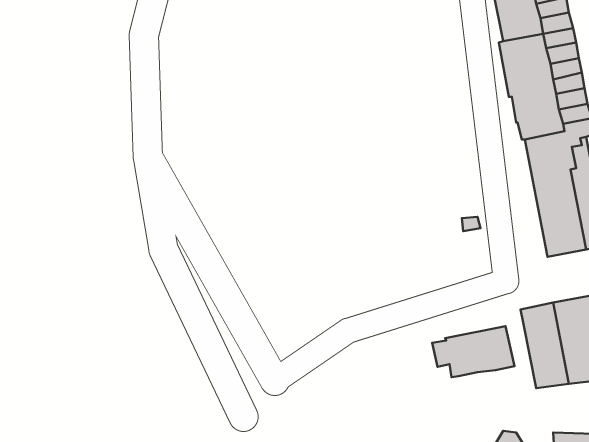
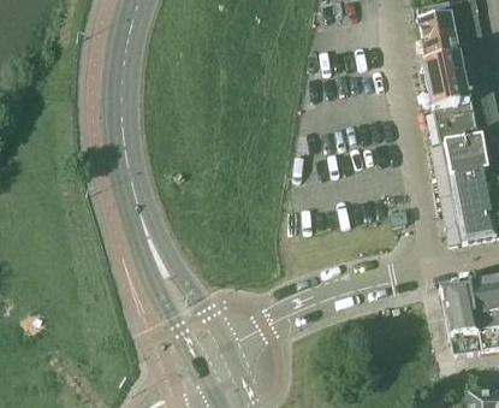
building: [432,326,514,377] -> none

